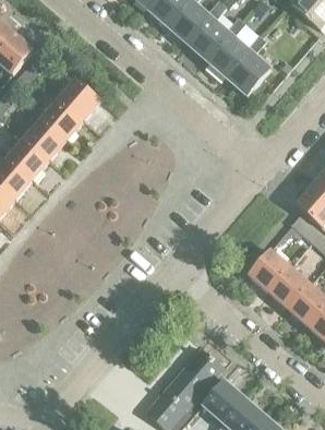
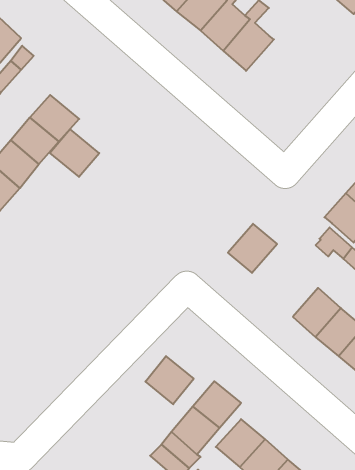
building: [227,34,272,96] -> none
building: [58,79,100,120] -> [50,129,99,177]
building: [246,249,289,291] -> [228,224,277,273]
building: none -> [145,356,194,404]

